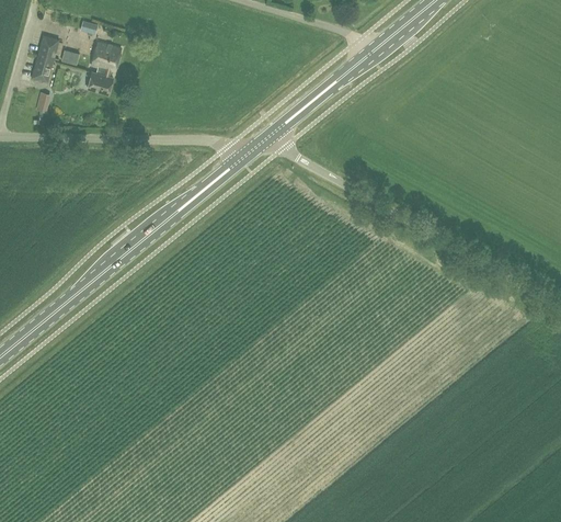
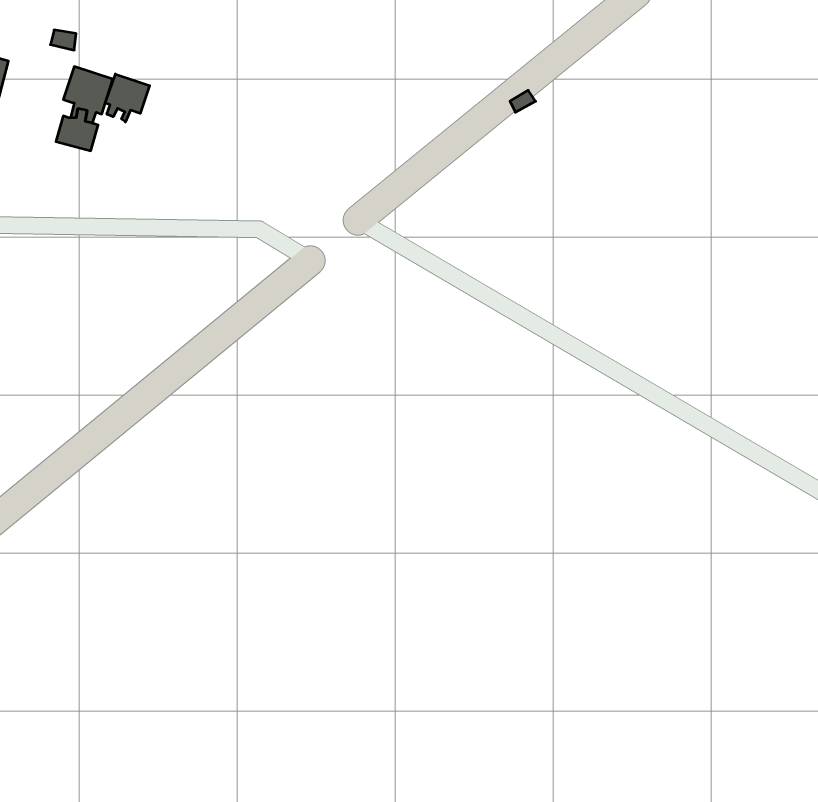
building: none -> [105,74,150,122]

